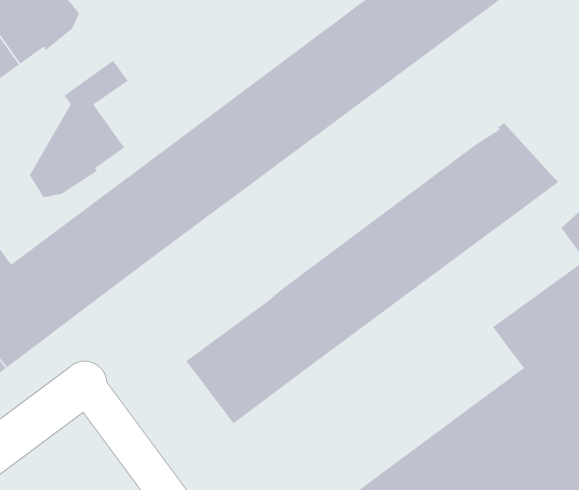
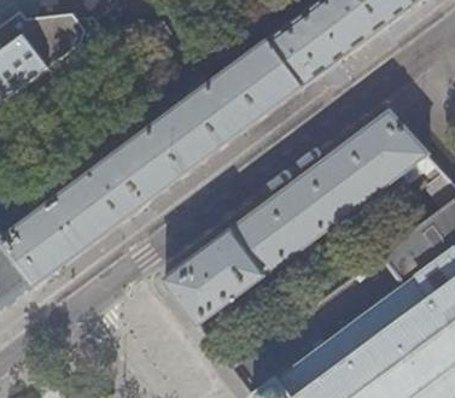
building: [29,60,128,198] -> none

